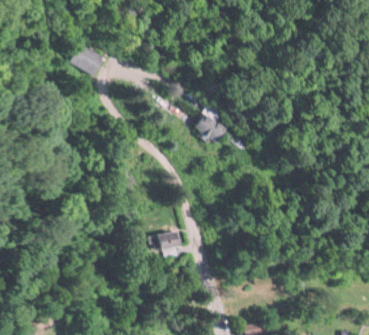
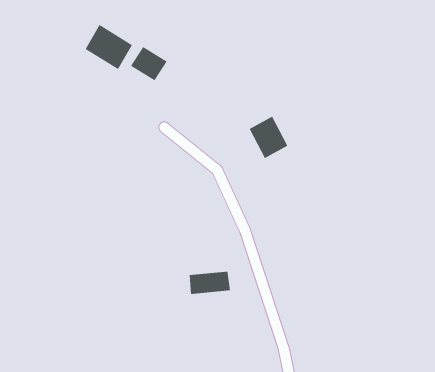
building: none -> [130,46,167,81]

